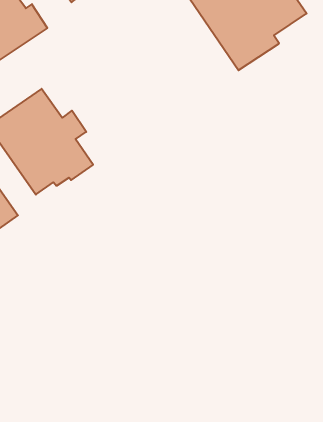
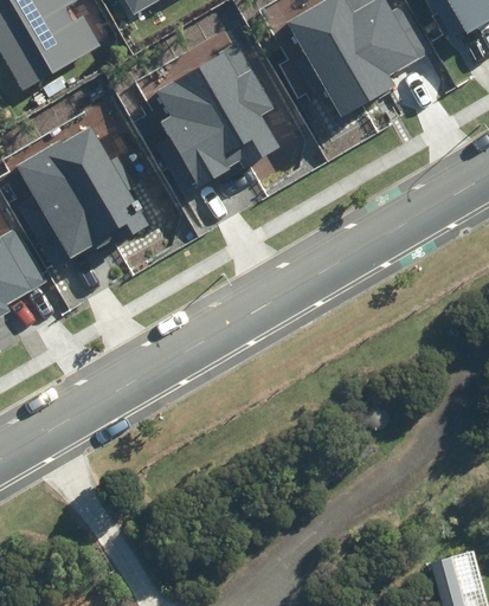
building: none -> [156,43,282,186]

